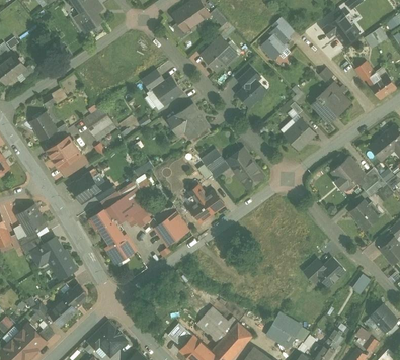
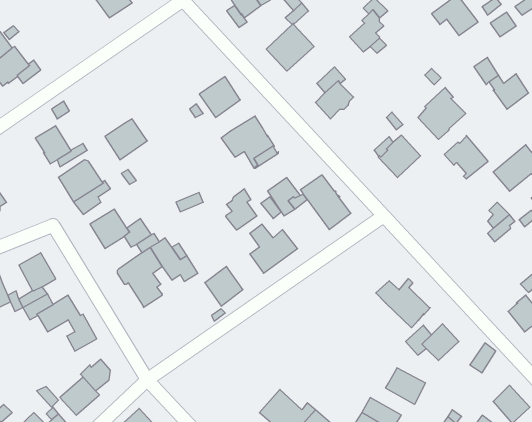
building: [331,157,364,189] -> [444,135,488,179]
building: none -> [226,189,257,230]
building: [349,200,381,230] -> none
building: none -> [376,279,430,328]
building: [106,235,135,259] -> none
building: none -> [386,368,425,404]

